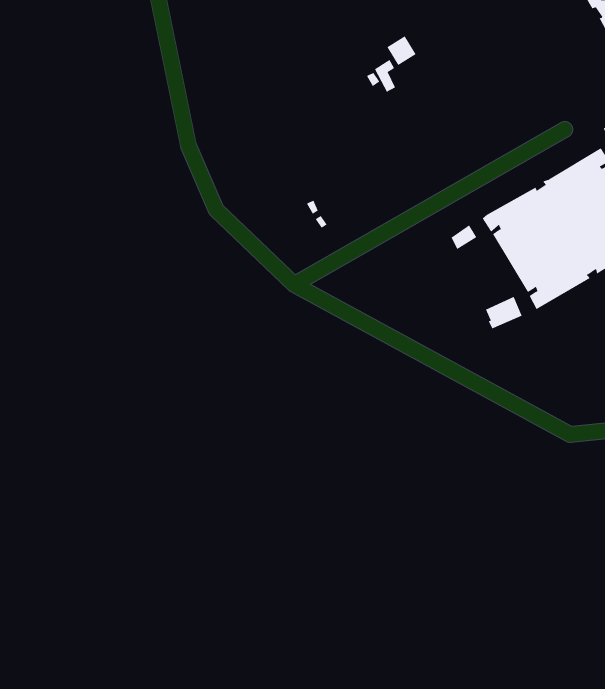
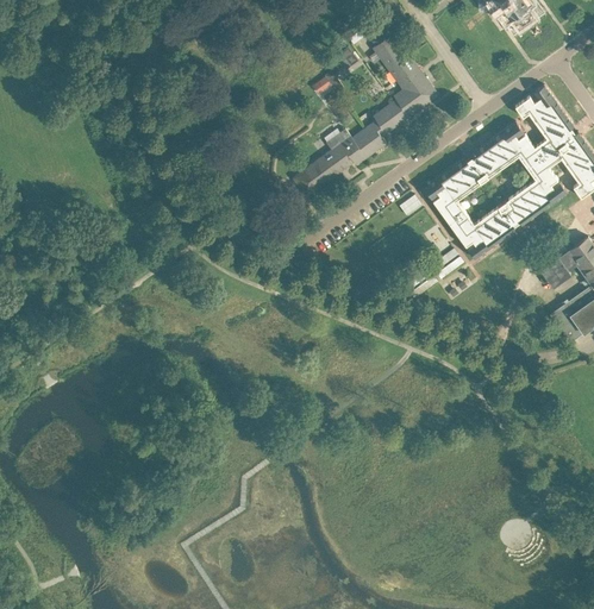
building: none -> [292,31,437,197]

